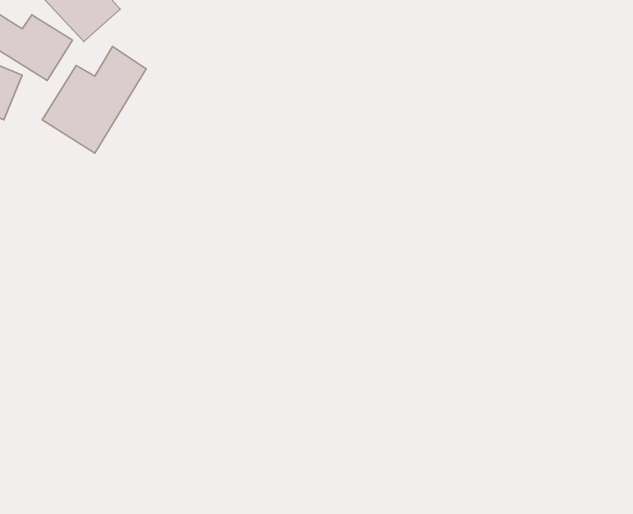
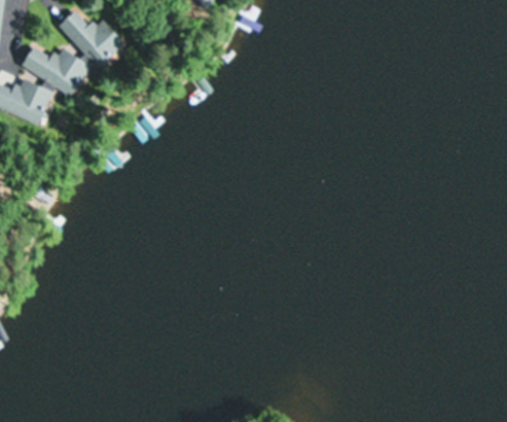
building: [42,46,146,153] -> none

